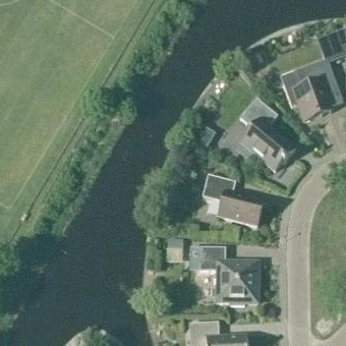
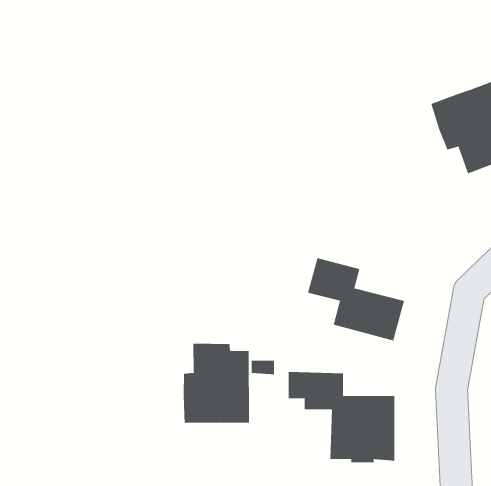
building: [239,97,295,169] -> none
building: none -> [183,343,250,423]

